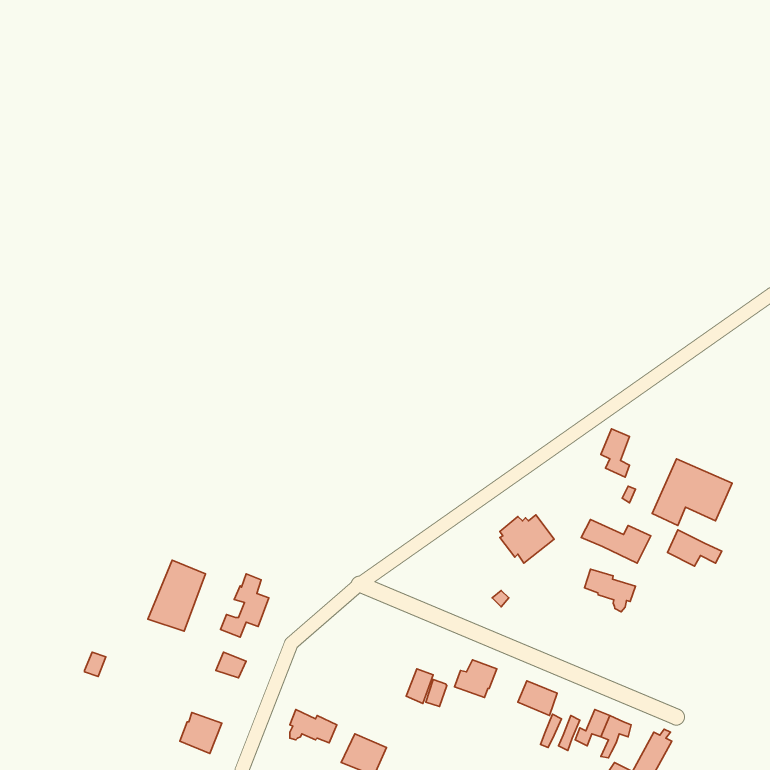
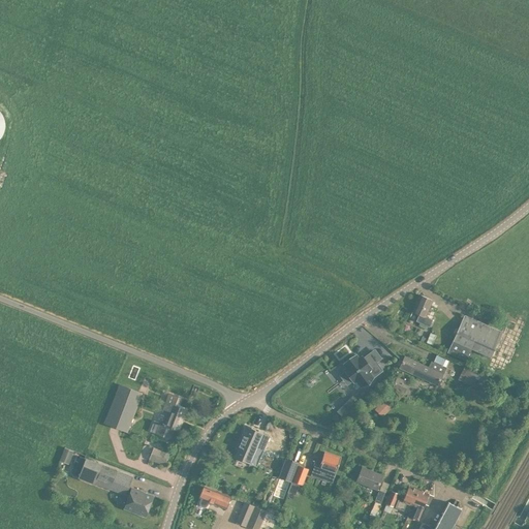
building: [585,569,635,612] -> none
building: none -> [235,427,269,466]
building: none -> [74,458,131,490]

